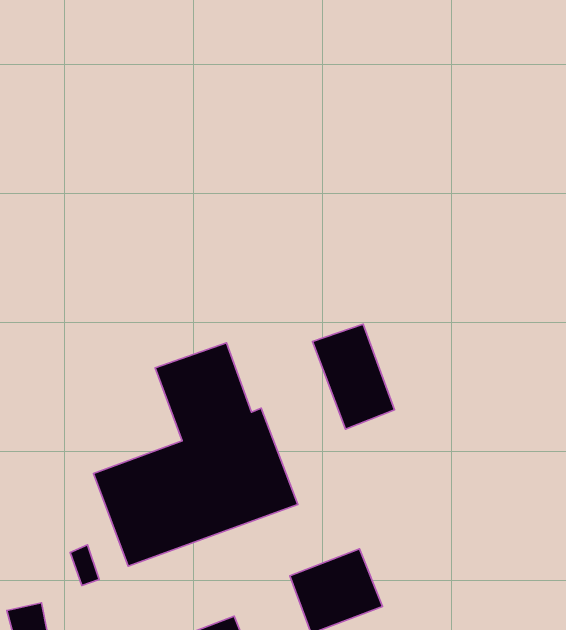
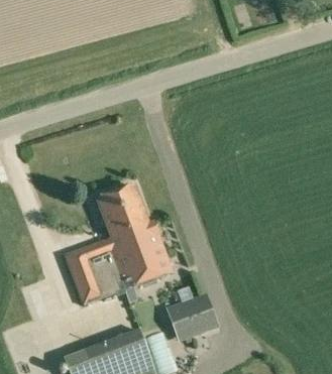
building: [313,324,395,429] -> none

